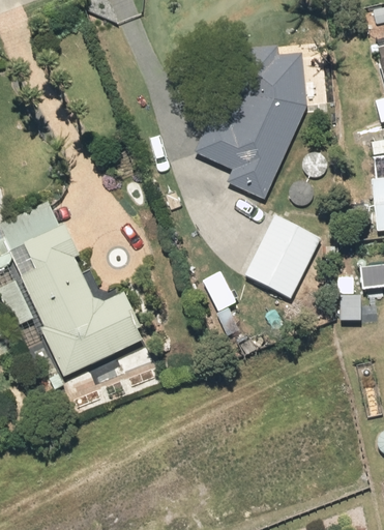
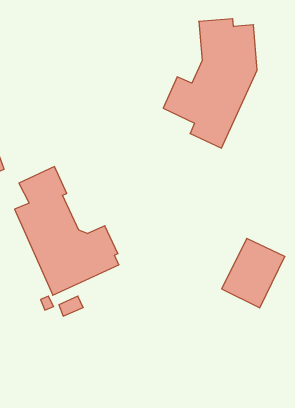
building: [245,214,321,297] -> [222,238,285,308]

